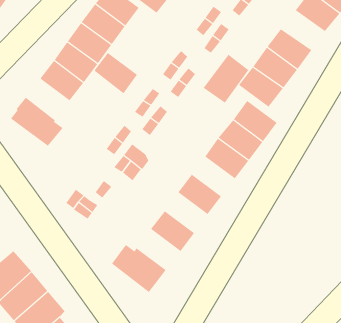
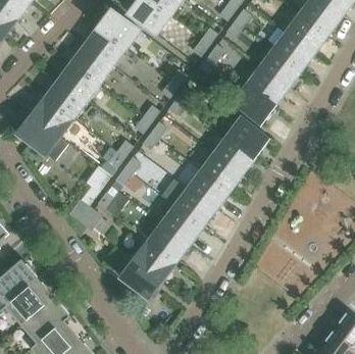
building: none -> [271,33,313,70]
building: [93,52,138,94] -> [32,97,73,137]
building: [203,54,249,104] -> none
building: none -> [188,170,229,208]
building: none -> [162,204,203,243]
building: none -> [136,239,178,277]

